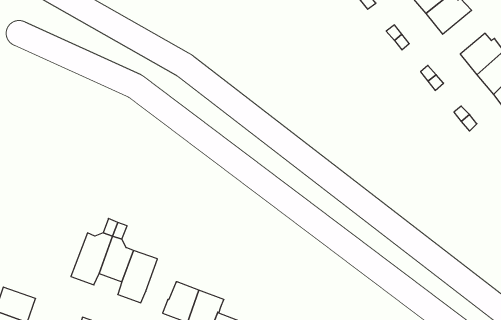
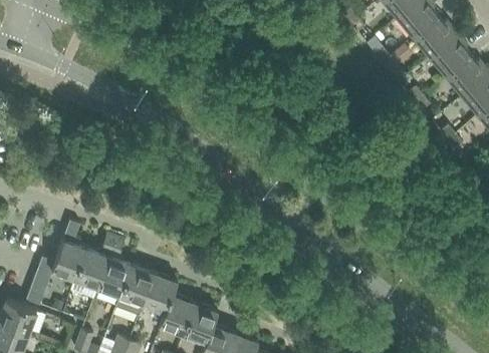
building: none -> [429,33,470,75]
building: none -> [25,221,86,305]
building: none -> [143,273,177,312]

